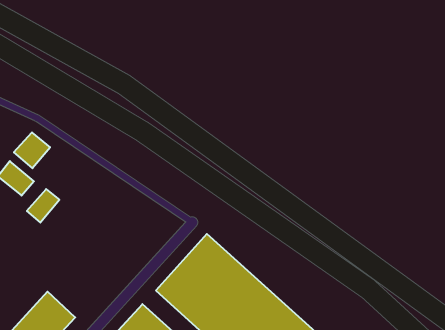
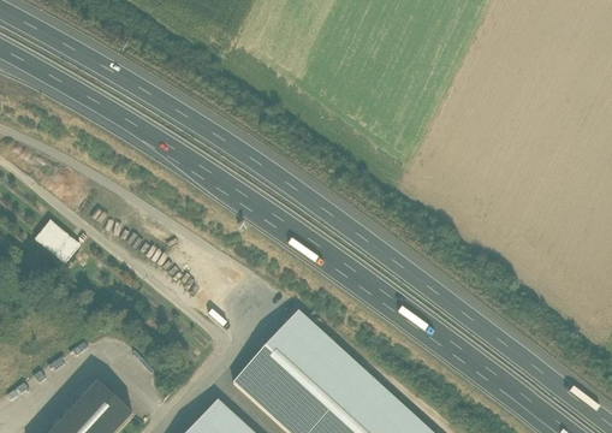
building: [14,132,50,168] -> none
building: [27,189,59,223] -> none

